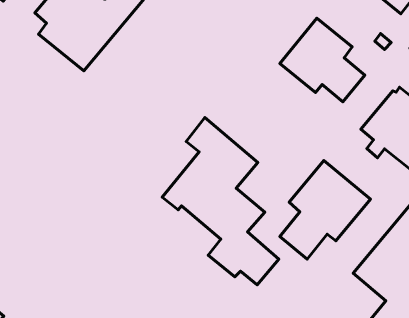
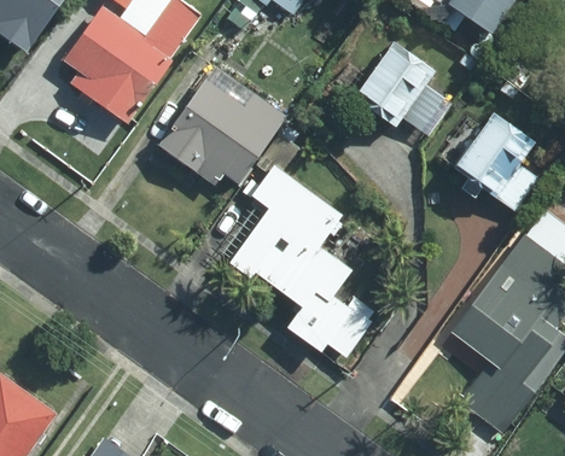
building: none -> [159,65,285,182]
building: [280,161,370,259] -> none

